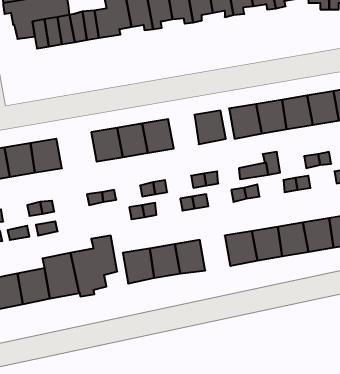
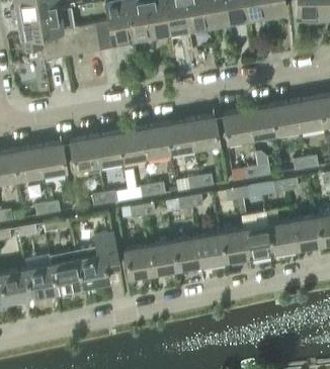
building: none -> [166,121,194,153]
building: none -> [70,137,100,174]
building: none -> [195,234,224,266]

